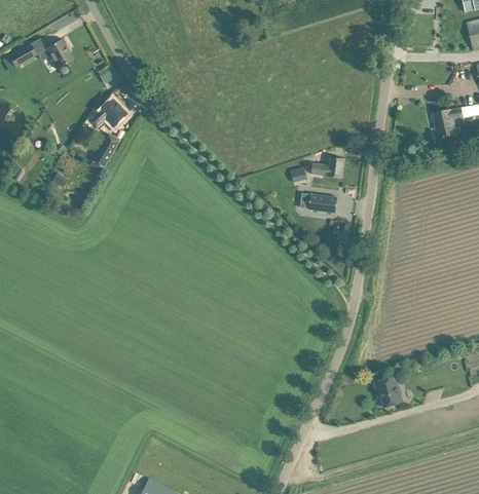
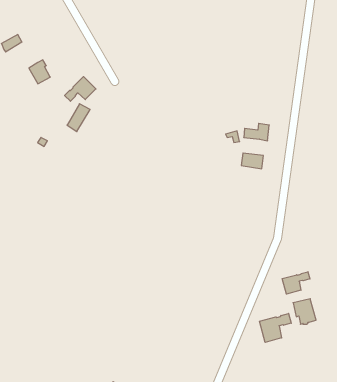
building: [45,38,72,68] -> [29,60,50,84]
building: none -> [282,272,310,294]
building: none -> [260,313,291,342]

